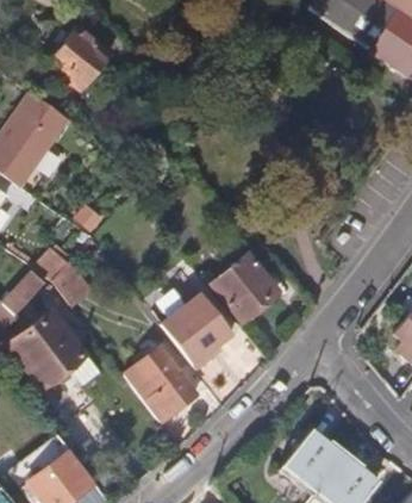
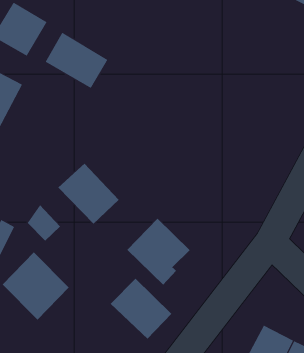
building: none -> [45,32,108,89]
building: none -> [57,163,119,224]
building: [208,256,273,321] -> none

